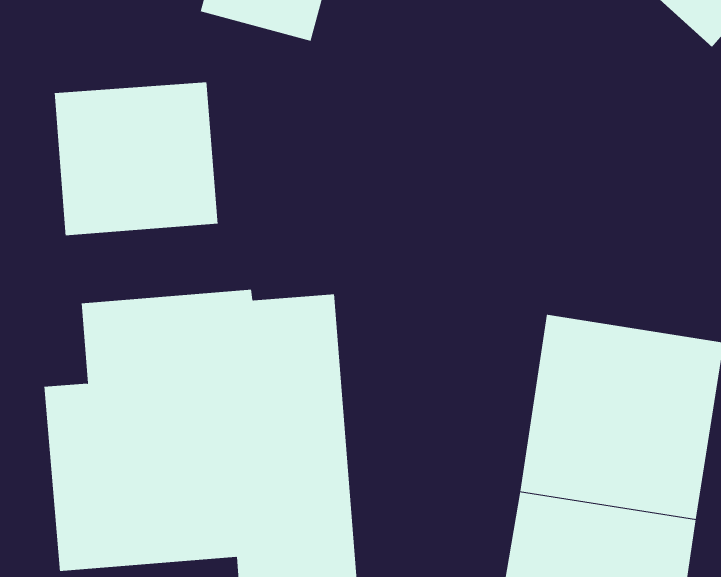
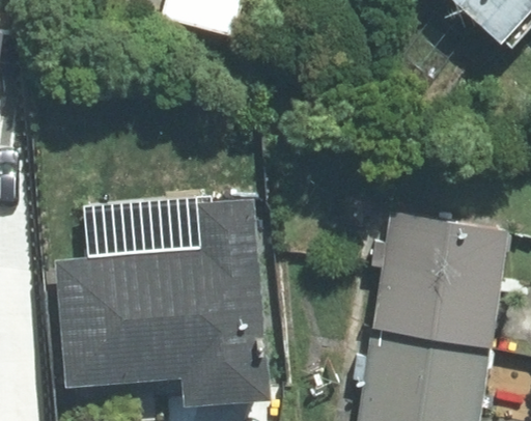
building: [54,82,218,236] -> none

